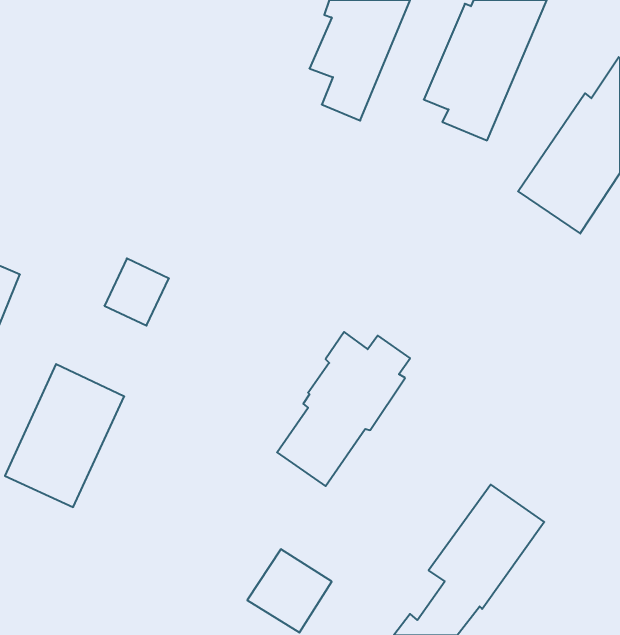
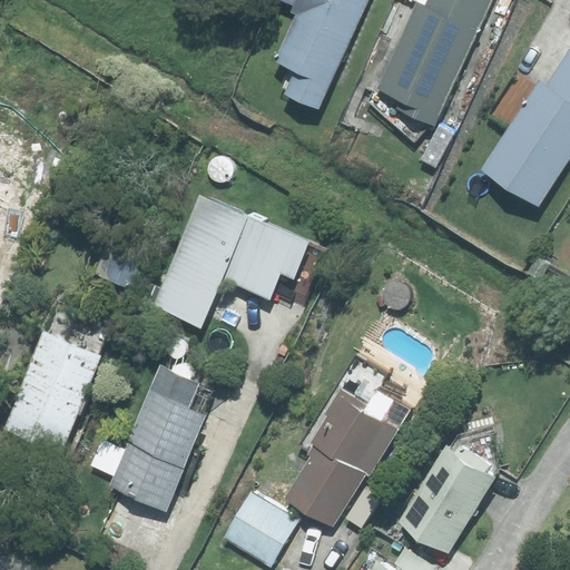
building: none -> [141,190,297,323]
building: [277,332,410,486] -> [287,389,406,527]
building: none -> [108,363,213,513]

